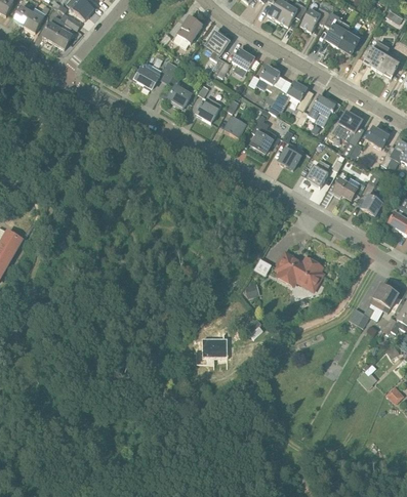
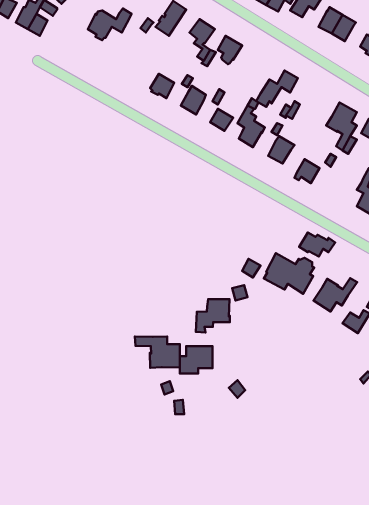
building: [135,59,176,89] -> [88,8,132,40]
building: [258,65,280,102] -> none
building: [311,95,335,127] -> none
building: [332,177,366,200] -> [299,233,335,257]
building: none -> [313,278,357,311]
building: none -> [196,299,230,332]
building: none -> [135,337,180,368]

